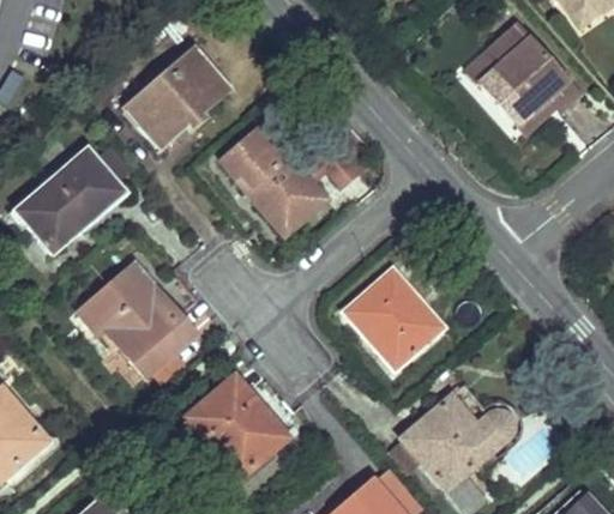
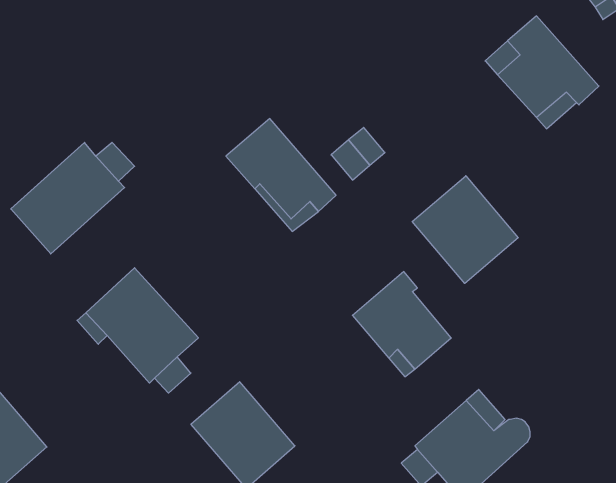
building: [124,44,231,147] -> none
building: none -> [412,176,518,283]

